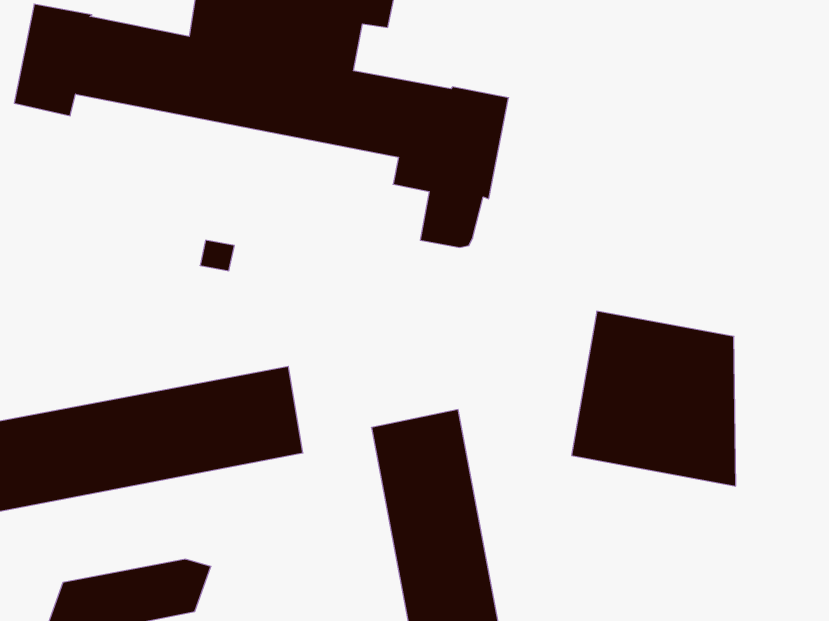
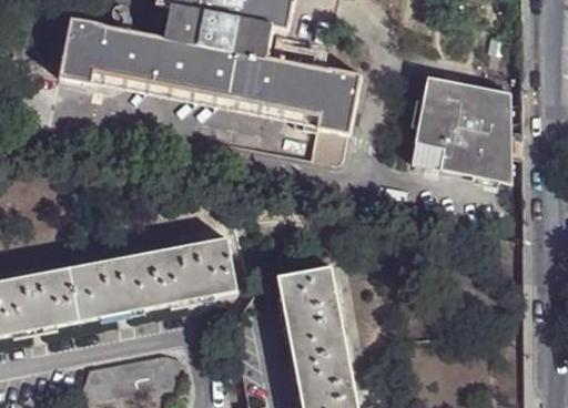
building: [572,311,736,486] -> [412,78,513,185]

